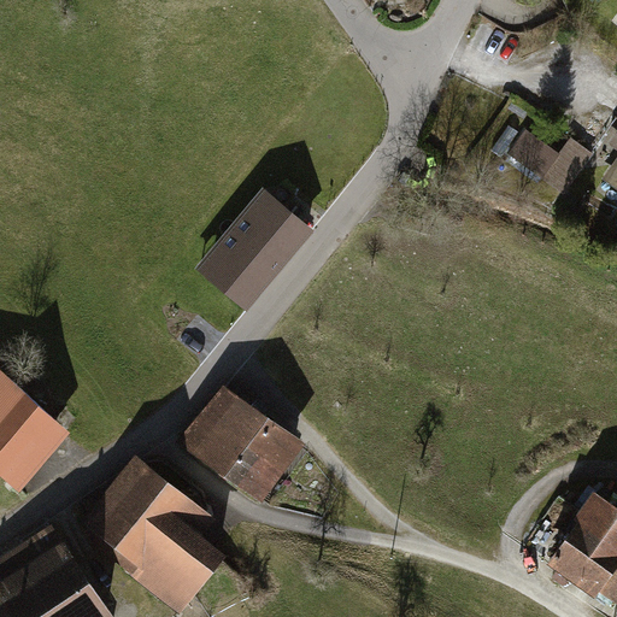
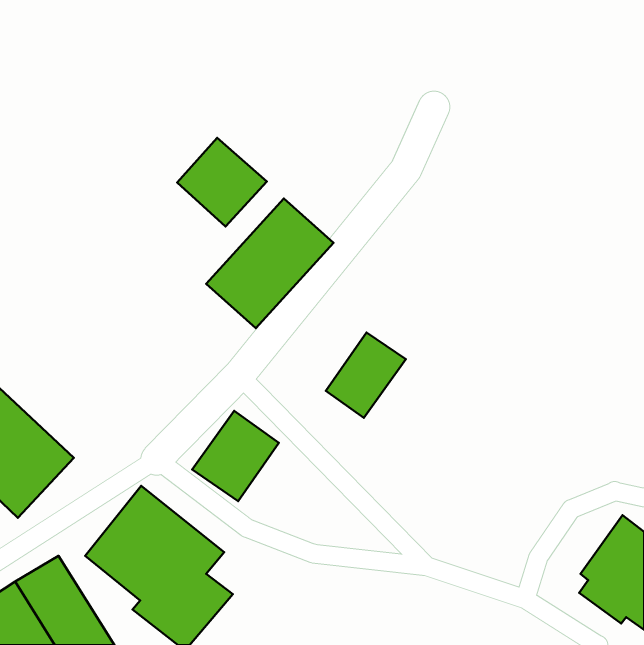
building: [507,129,594,195] -> none
building: none -> [177,138,267,227]
building: [225,419,301,500] -> [326,332,406,418]

